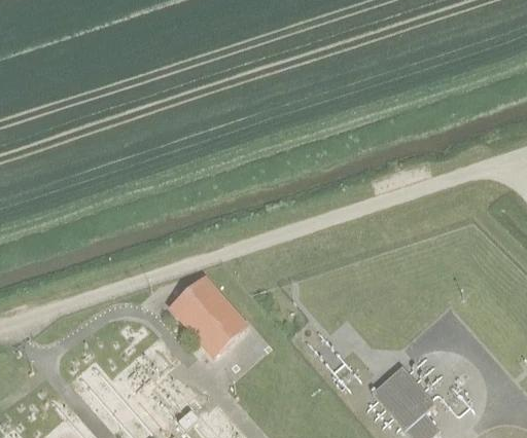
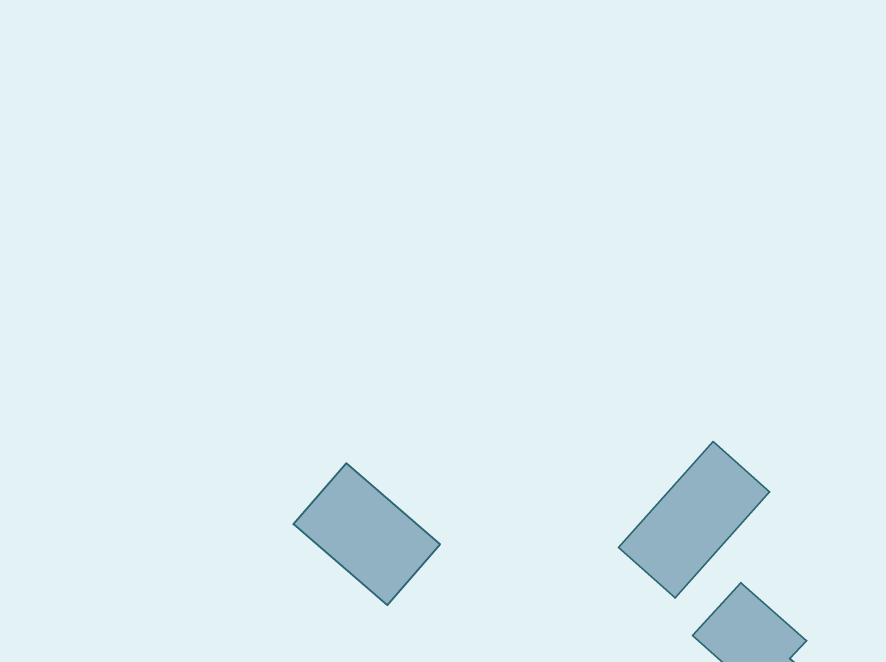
building: none -> [619,442,770,598]

